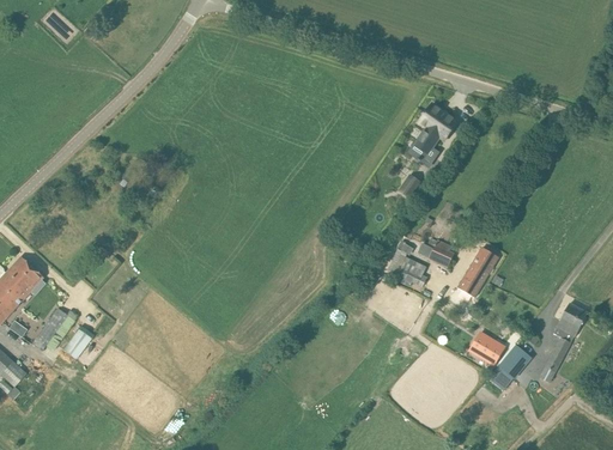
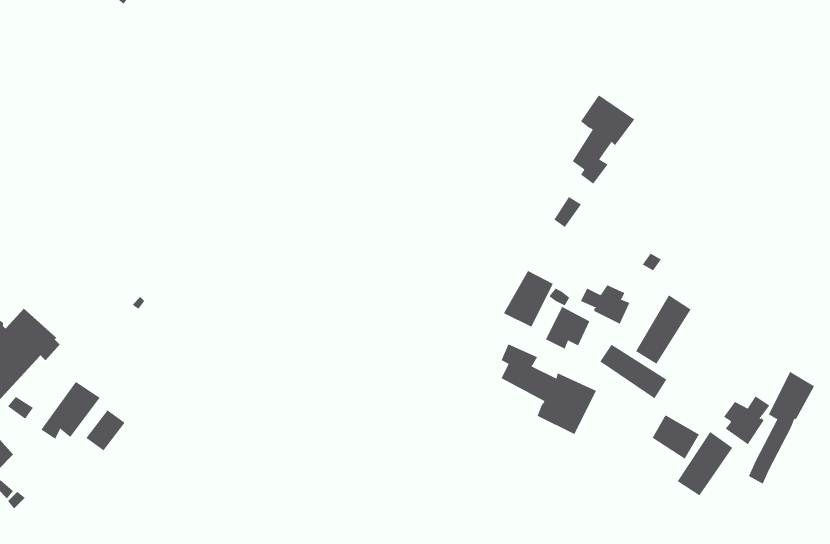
building: none -> [503,270,553,328]
building: none -> [501,343,597,435]
building: none -> [600,344,667,399]
building: none -> [723,396,770,445]

